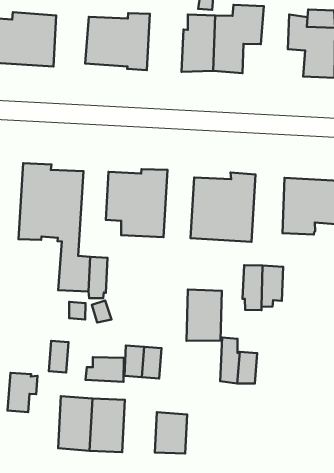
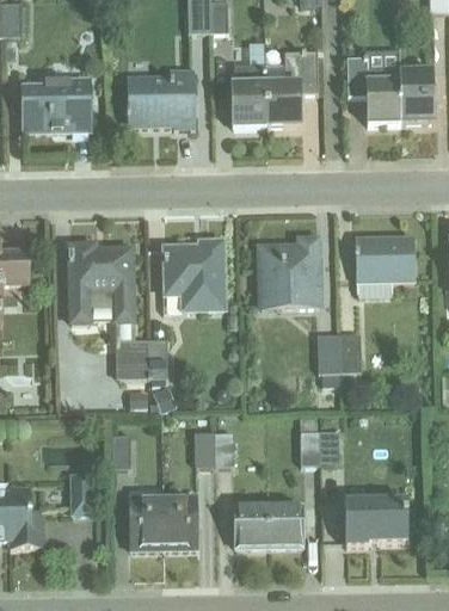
building: [187,290,222,341] -> none
building: [86,357,124,382] -> none
building: none -> [267,502,302,547]
building: none -> [344,499,407,545]

